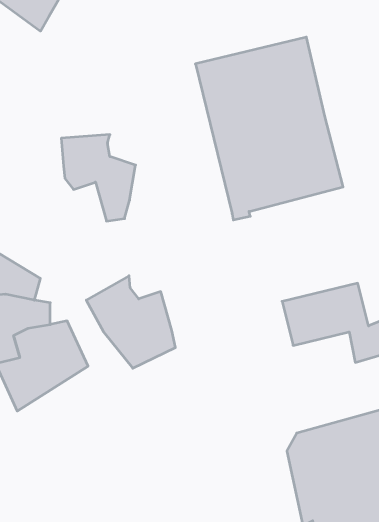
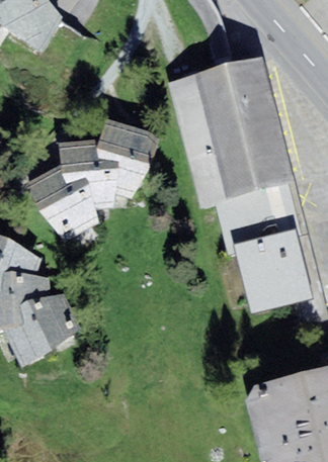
building: none -> [97,118,160,198]
building: none -> [215,180,306,276]
building: [86,276,175,368] -> [25,164,99,241]

